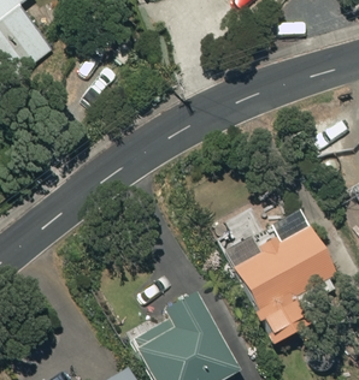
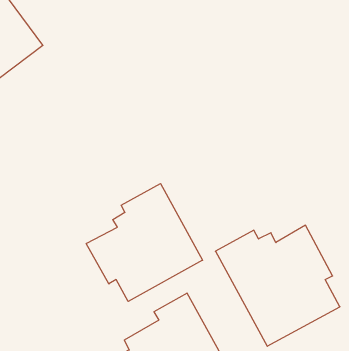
building: none -> [86,184,203,301]

